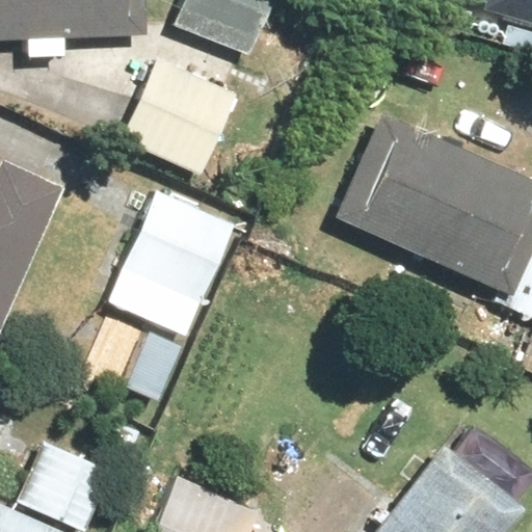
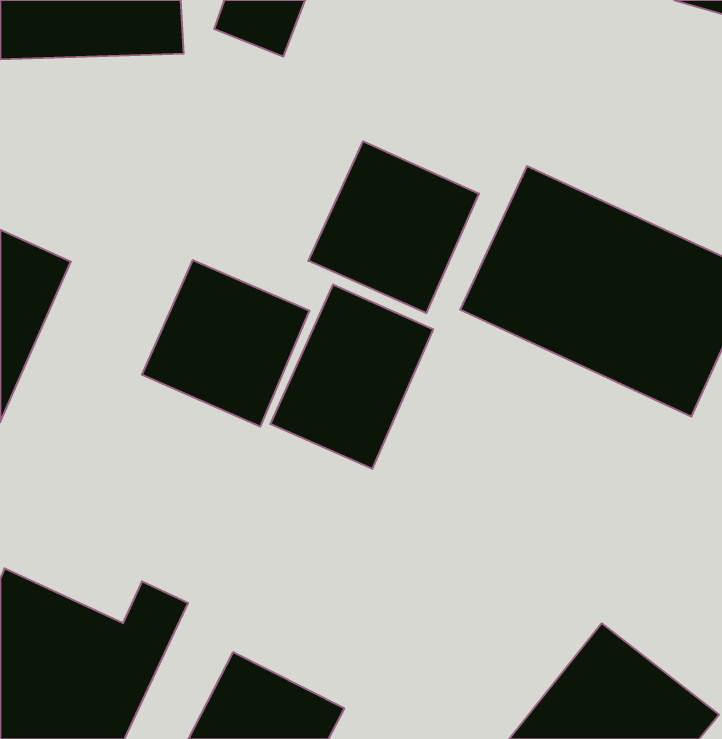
building: [115,55,236,175] -> none
building: none -> [308,141,479,313]
building: none -> [270,284,433,469]

